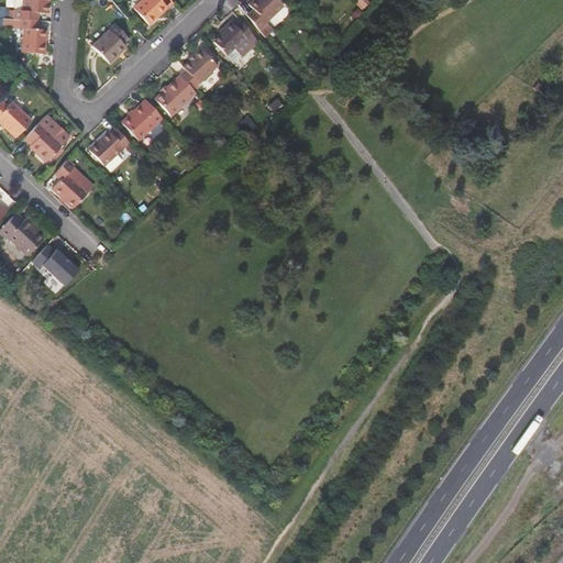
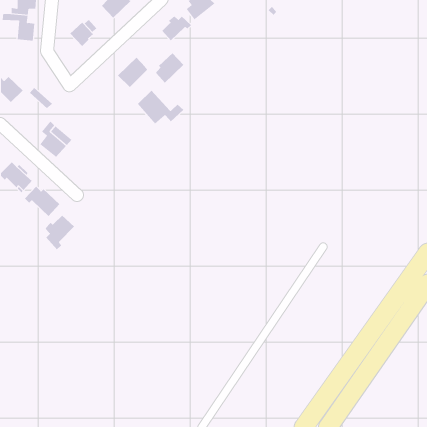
building: [179,47,218,88] -> [155,52,184,83]
building: [122,100,163,141] -> none
building: none -> [137,90,184,125]
building: [25,122,63,162] -> none
building: [89,126,131,164] -> none
building: none -> [45,215,75,250]

